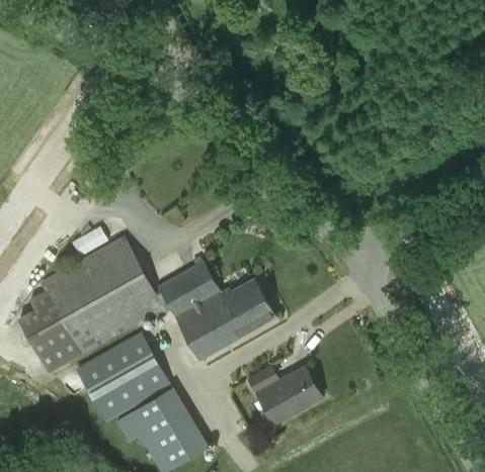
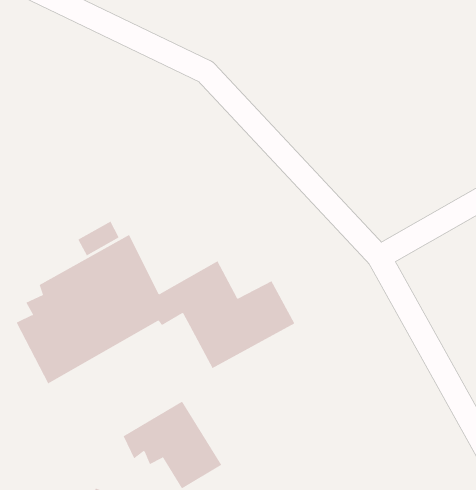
building: [76,334,169,421] -> none
building: [247,365,319,423] -> none

